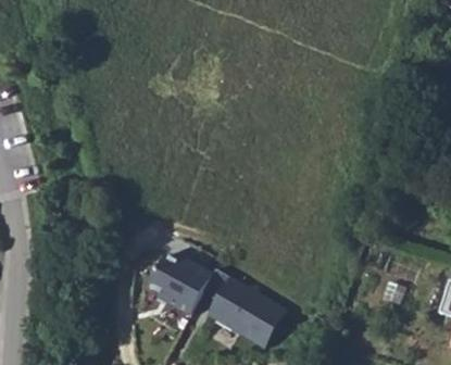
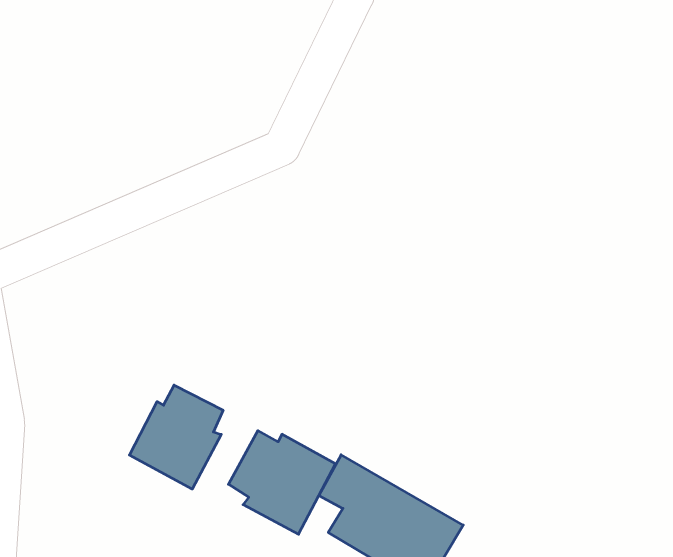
building: none -> [129,385,223,489]

